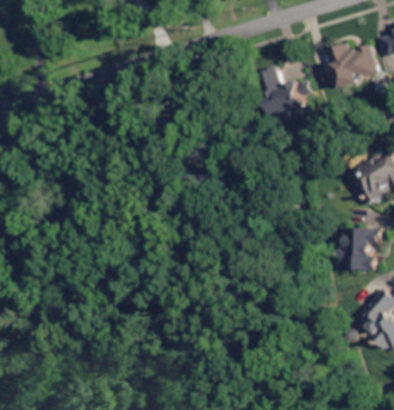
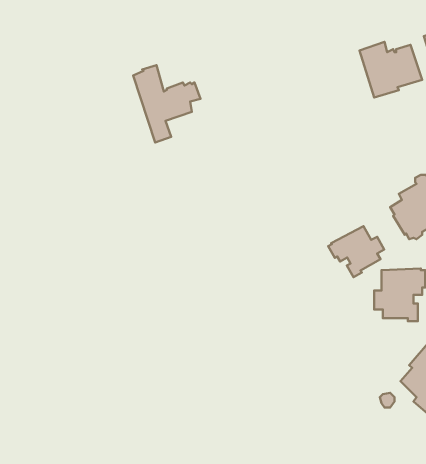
building: [255,67,309,130] -> [133,65,200,143]
building: none -> [328,226,384,277]

